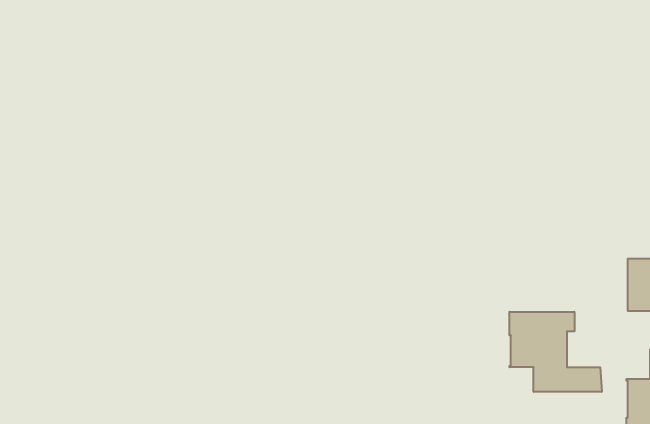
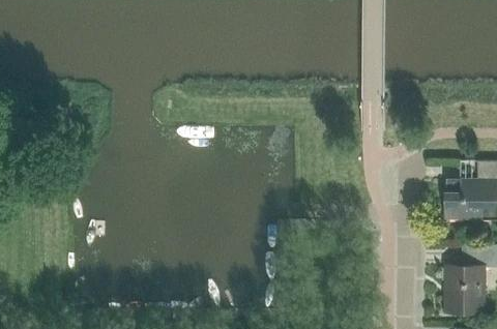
building: [509,312,602,392] -> none

